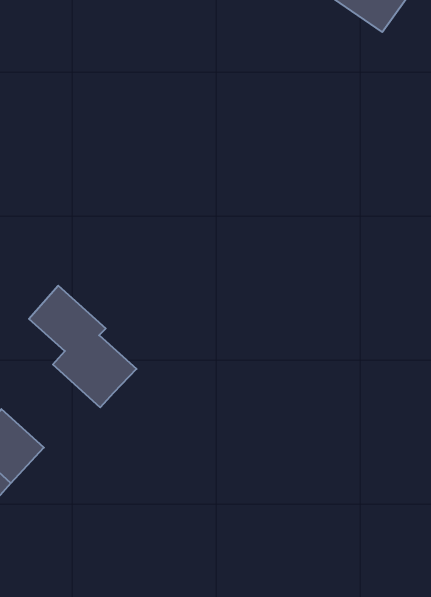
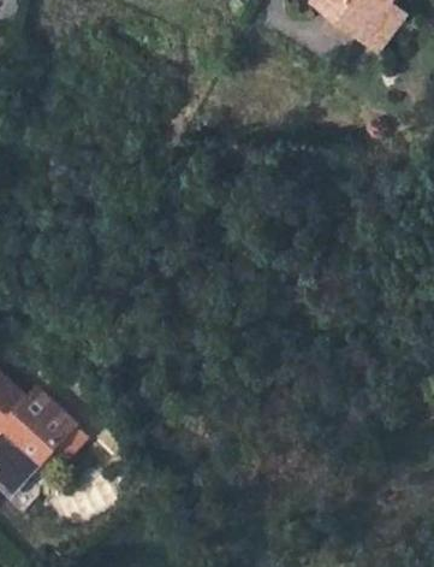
building: [29,286,137,407] -> none

